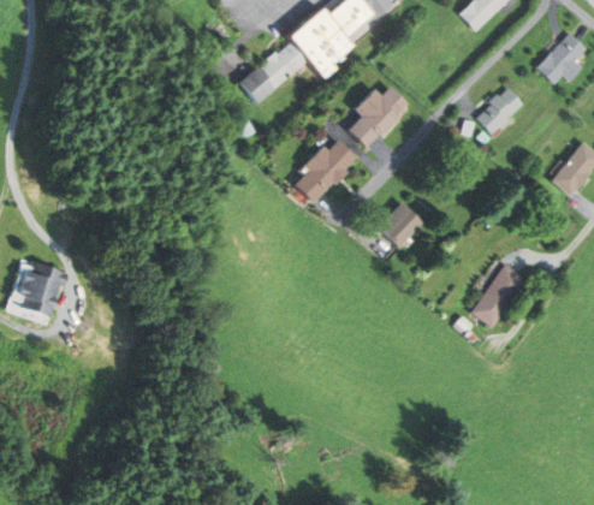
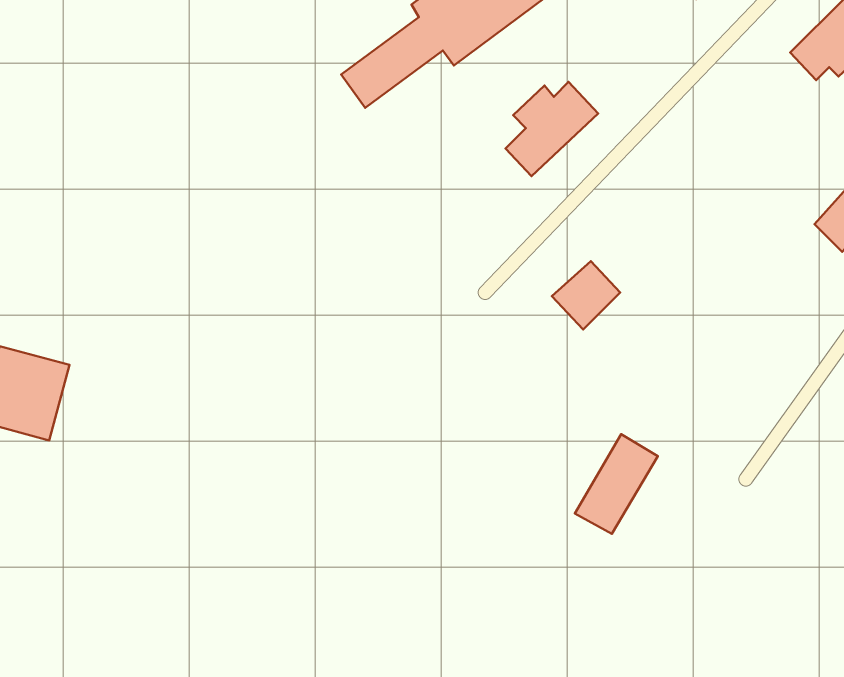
building: [474,87,522,133] -> none
building: [291,138,358,203] -> none
building: [475,262,529,327] -> [575,434,658,534]

